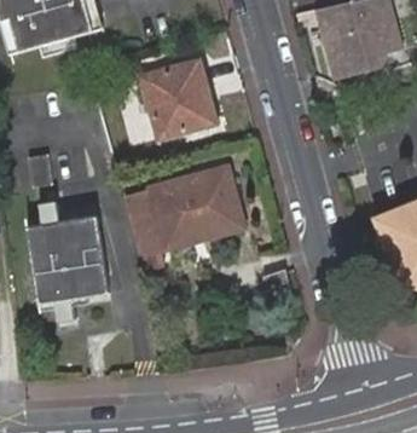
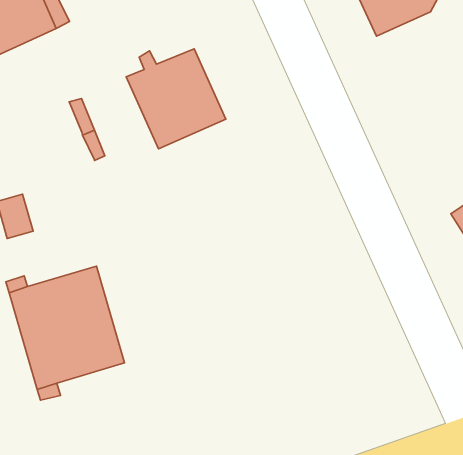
building: [124,168,243,273] -> none

